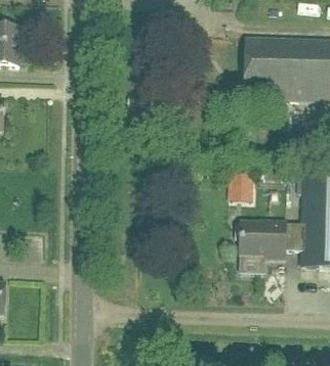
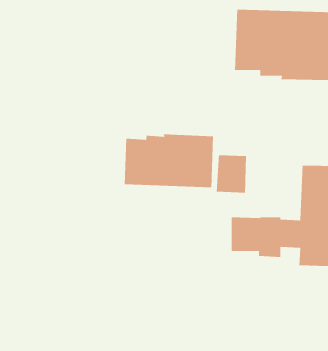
building: none -> [124,133,214,188]

